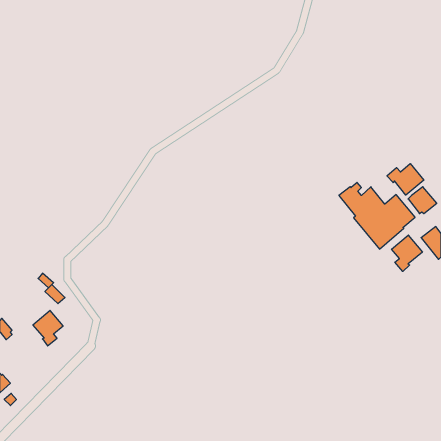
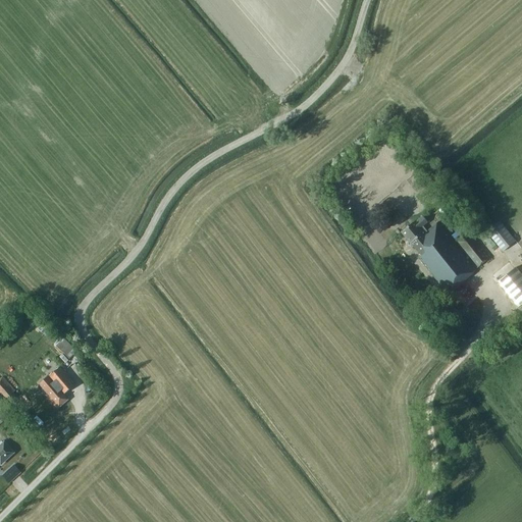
building: [387,164,424,195] -> none
building: [392,235,422,271] -> none

